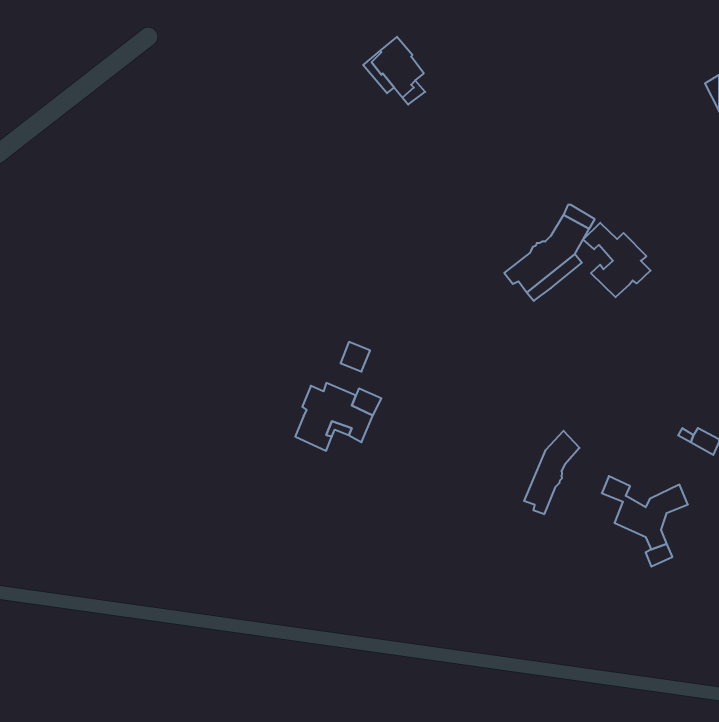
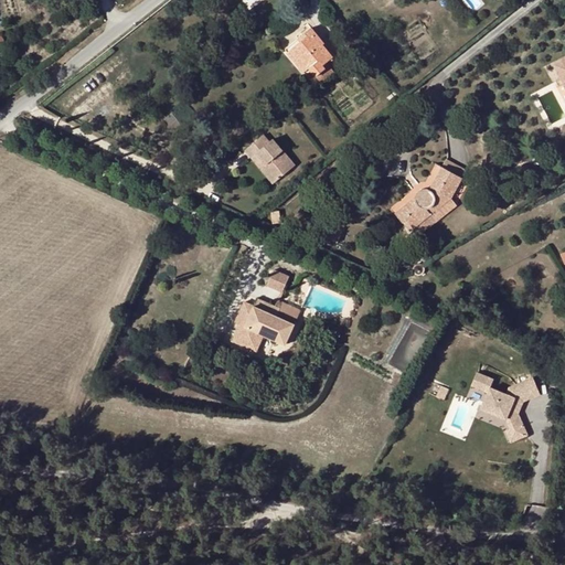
building: none -> [242,130,295,184]
building: [583,223,651,297] -> none
building: [524,431,580,514] -> none

